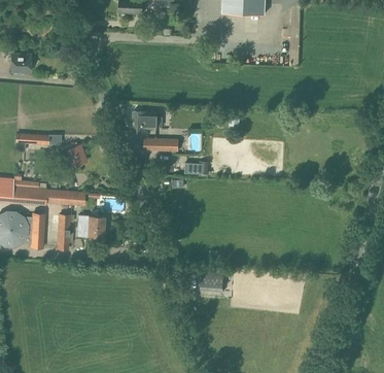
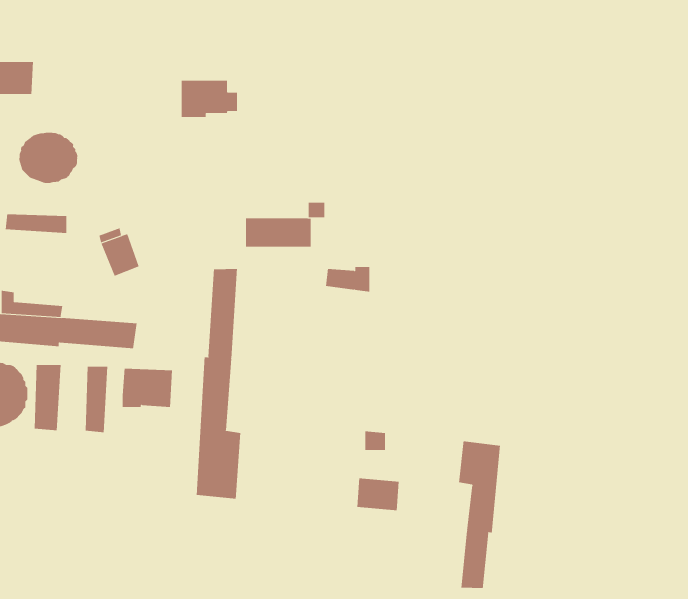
building: none -> [19,132,78,184]
building: [133,111,163,131] -> [181,80,238,117]
building: none -> [196,268,241,500]
building: none -> [459,440,501,589]

